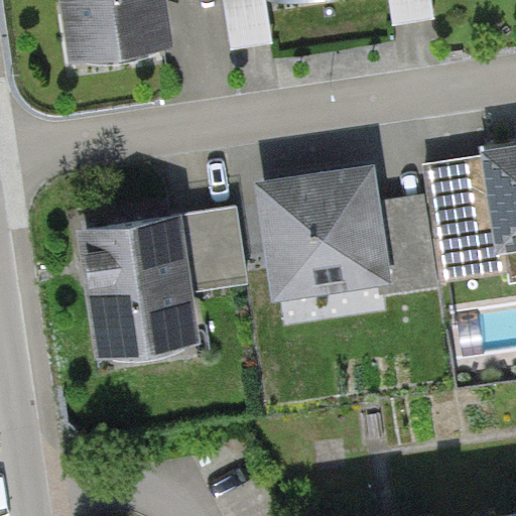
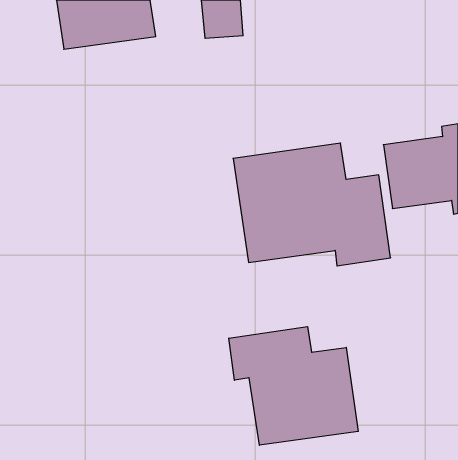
building: [82,211,240,349] -> none
building: none -> [229,327,358,445]

